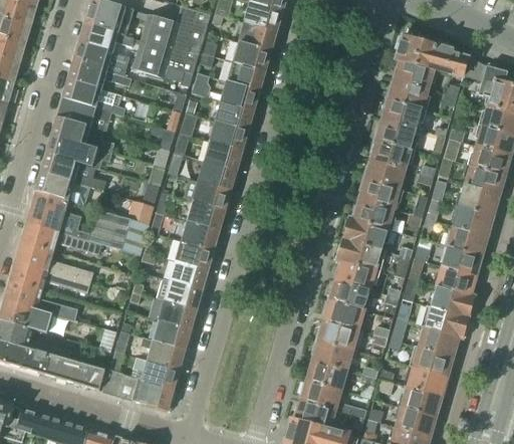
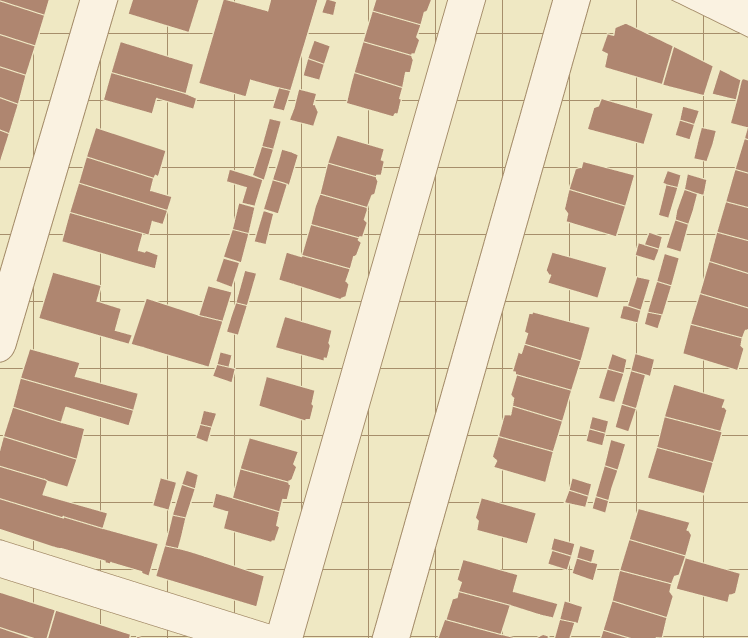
building: [80,23,134,51] -> none
building: [394,58,435,88] -> none
building: [64,79,124,116] -> none
building: [222,81,261,112] -> none
building: [381,98,423,129] -> none
building: [362,159,405,189] -> none
building: [36,172,89,205] -> none
building: [350,199,393,228] -> none
building: [188,200,226,230] -> none
building: [21,222,101,254] -> none
building: [176,241,215,269] -> none
building: [442,245,484,275] -> none
building: [158,279,204,309] -> none
building: [316,319,358,350] -> none
building: [419,326,461,356] -> [676,558,740,603]
building: [136,360,181,390] -> none
building: [304,361,346,390] -> none

